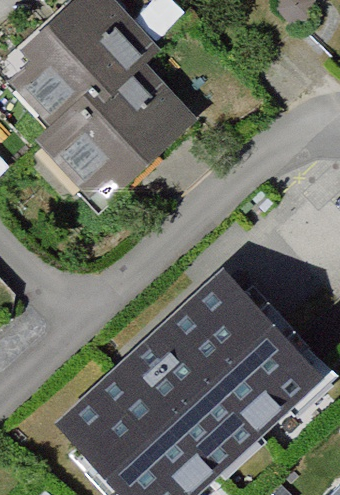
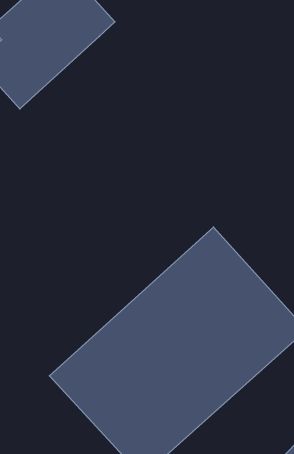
building: [29,59,184,198] -> none

